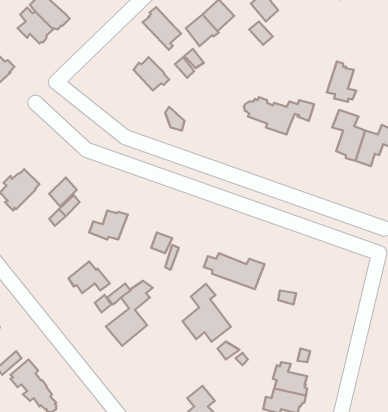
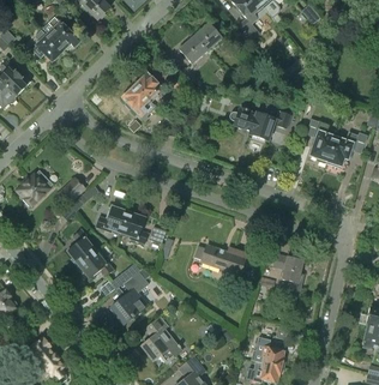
building: [142,7,181,50] -> [121,84,155,121]
building: [327,61,356,102] -> none
building: none -> [120,210,148,243]
building: none -> [67,229,95,265]
building: none -> [273,252,303,295]
building: [183,284,231,342] -> [140,313,182,363]

